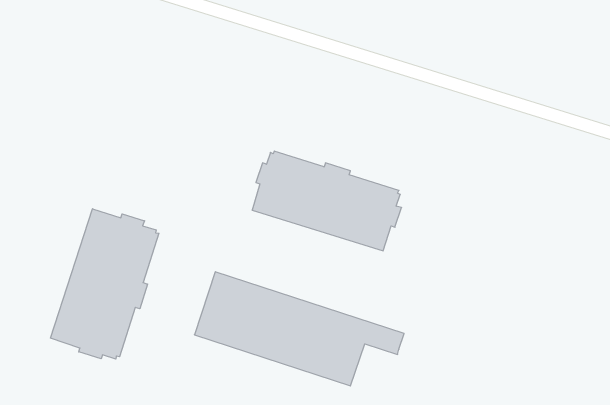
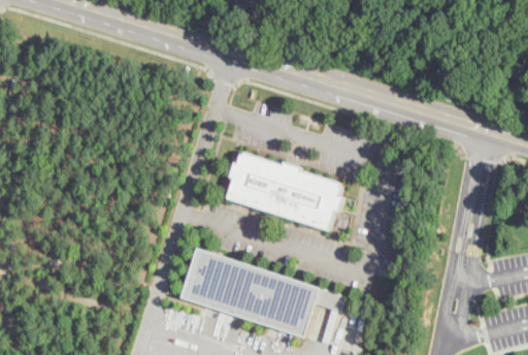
building: [50,209,159,359] -> none

